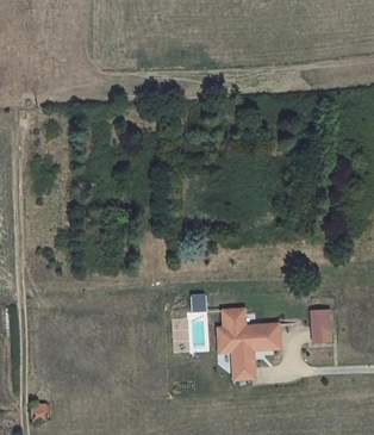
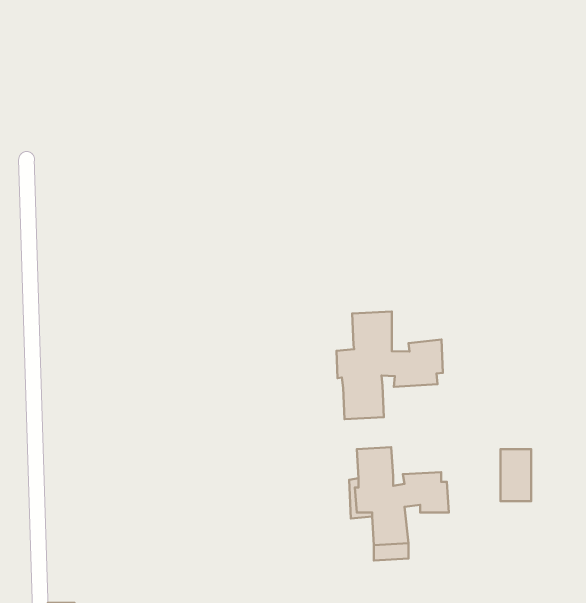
building: none -> [337,311,443,419]

